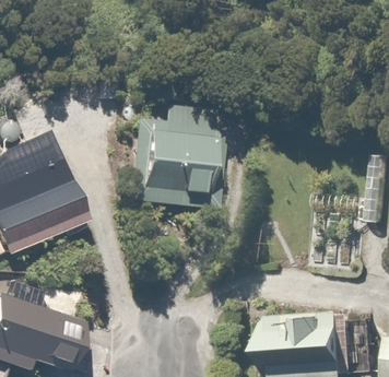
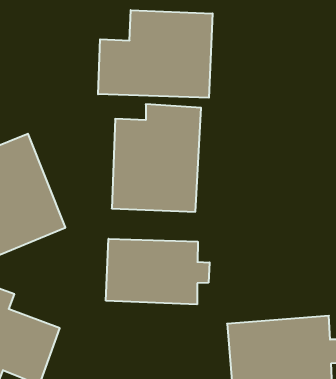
building: none -> [98,10,213,98]
building: none -> [106,239,210,304]

